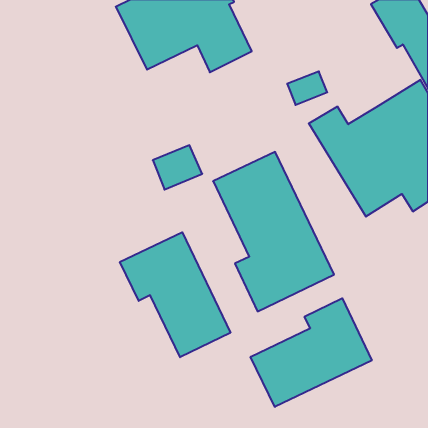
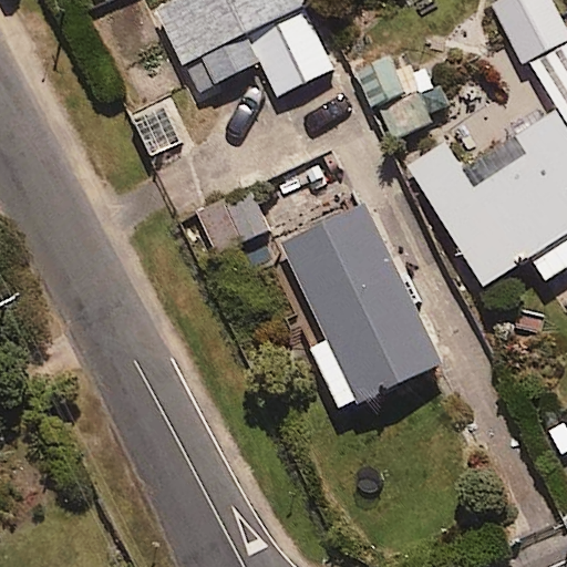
building: [120,232,230,357] -> none
building: [251,298,372,407] -> none

